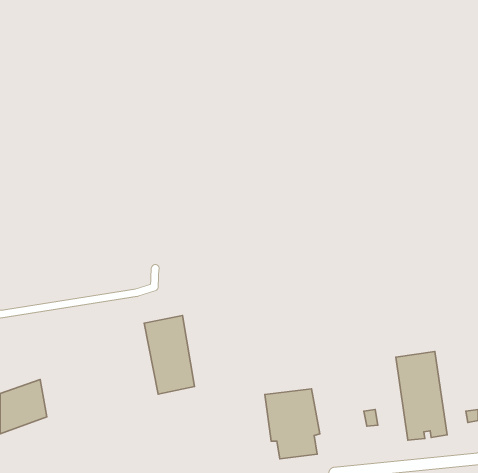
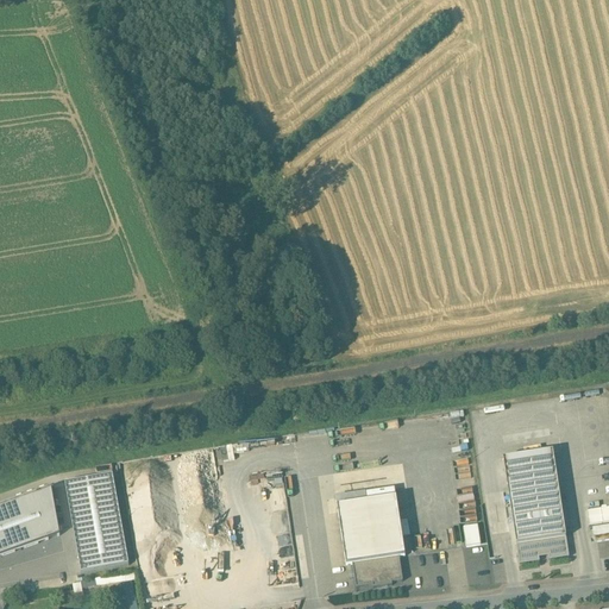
building: [144,316,195,394] -> [65,470,130,570]

